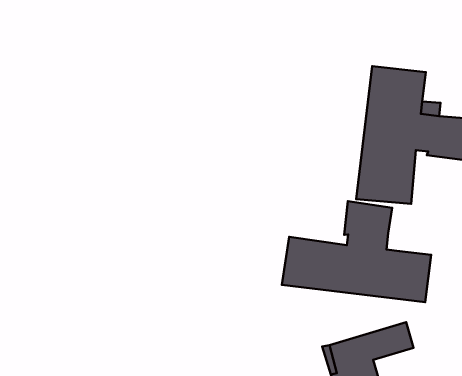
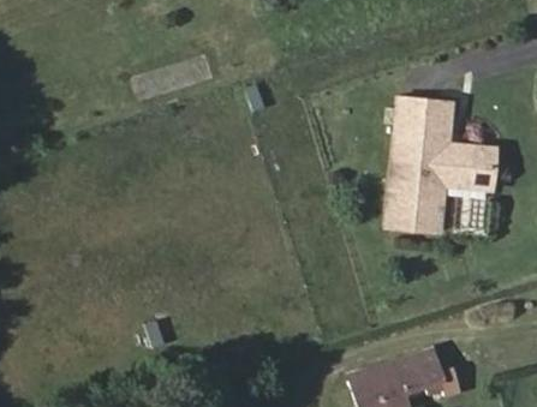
building: [282,201,431,302] -> none

